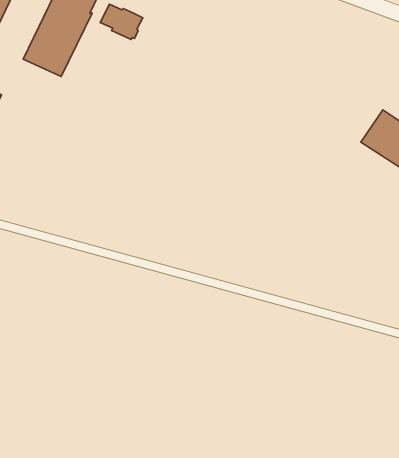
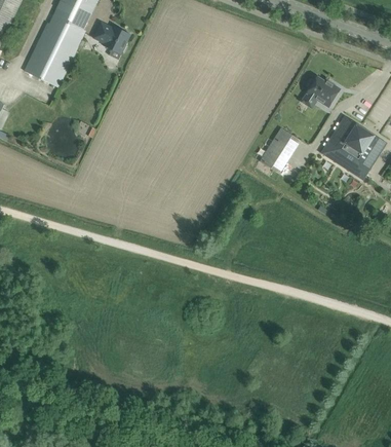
building: none -> [301,77,339,108]
building: none -> [259,127,300,173]

